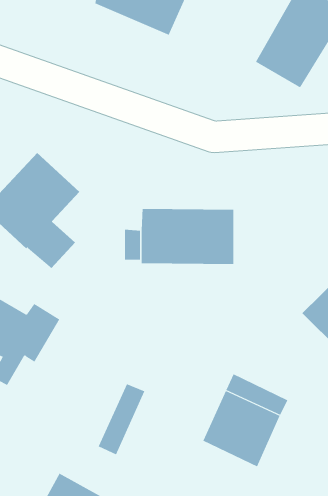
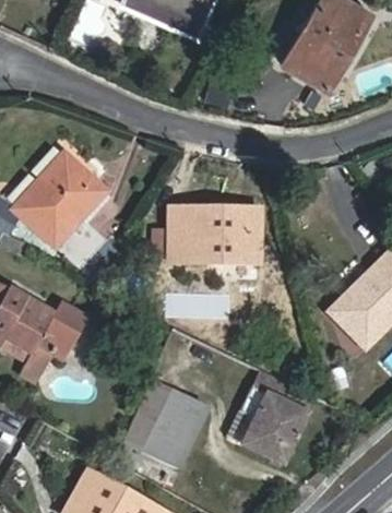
building: none -> [143,389,207,468]

